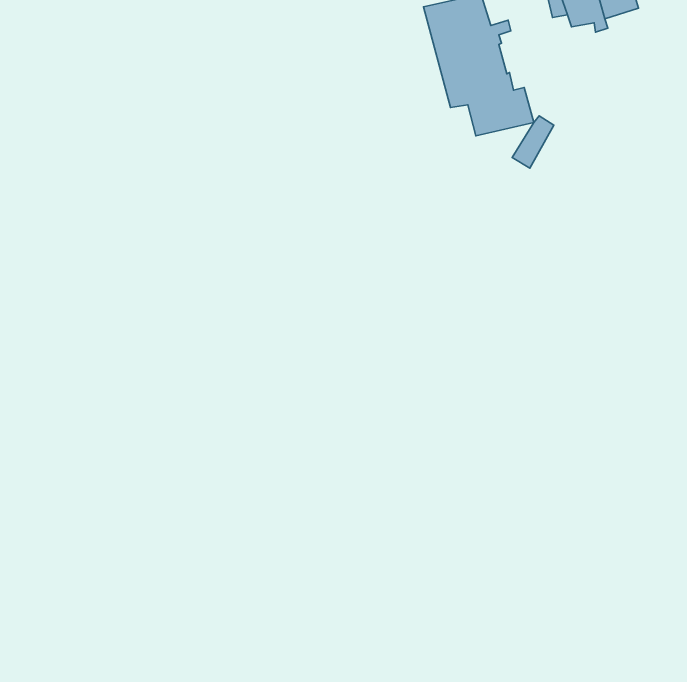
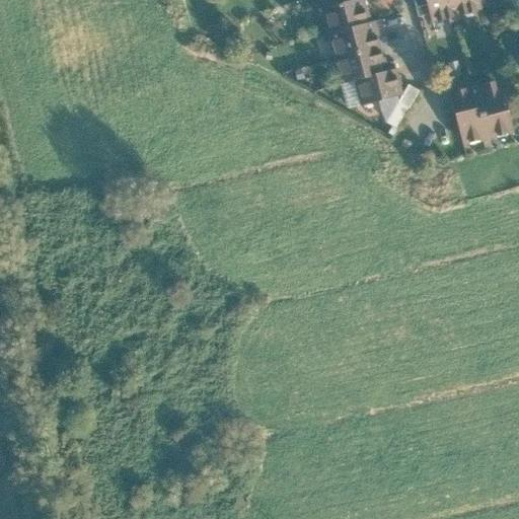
building: none -> [449,78,513,144]

